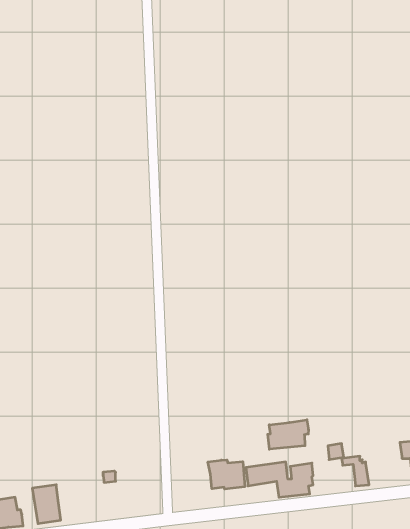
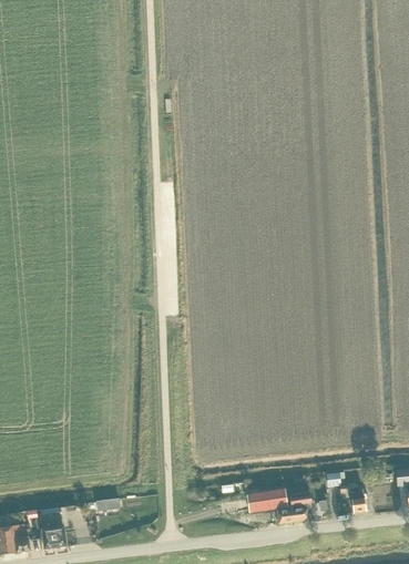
building: [268,420,308,449] -> none
building: [208,460,245,489] -> none

